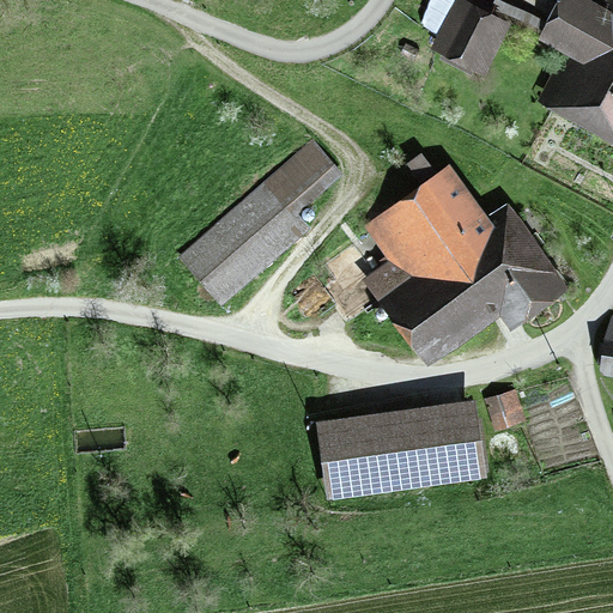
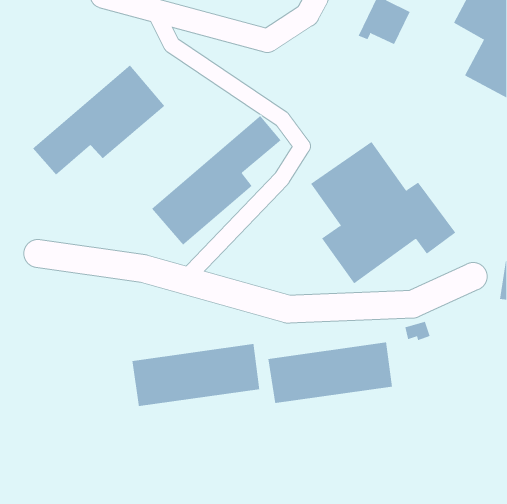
building: none -> [32,65,165,176]
building: none -> [132,343,260,407]

